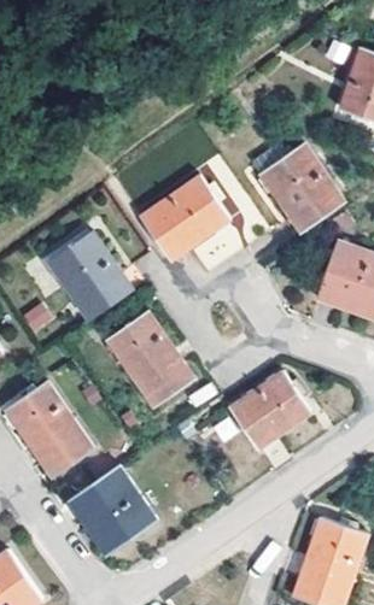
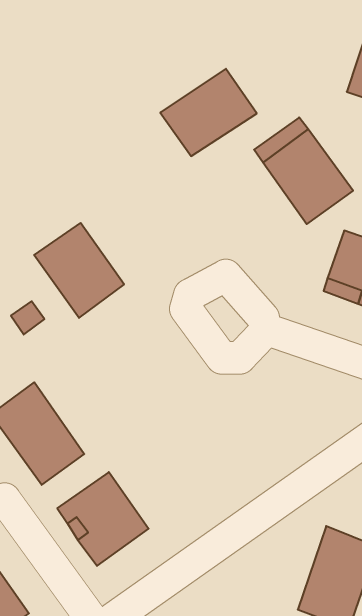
building: [140,175,230,257] -> [160,69,257,156]
building: [106,311,193,406] -> none
building: [227,371,309,447] -> none

